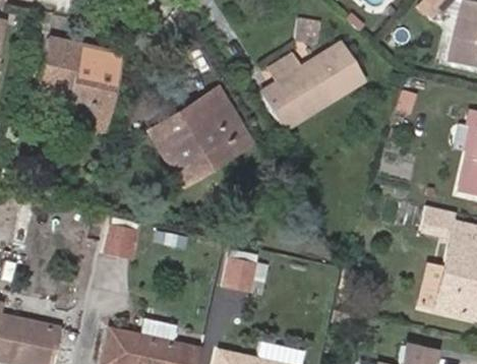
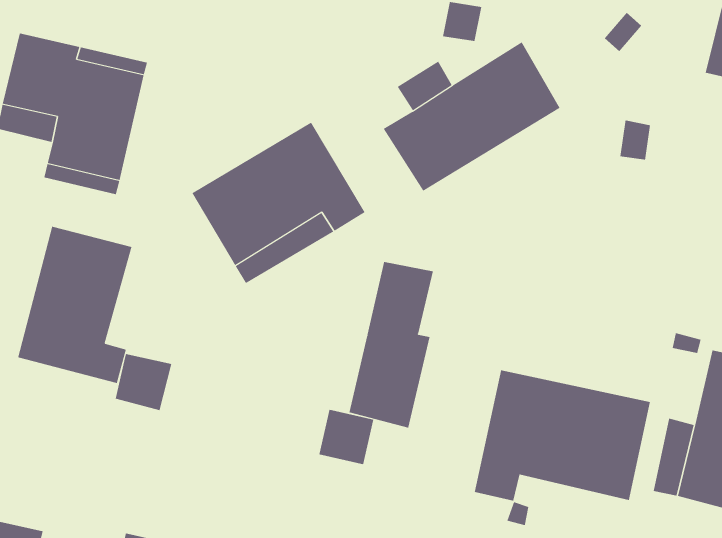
building: none -> [18,226,132,384]
building: none -> [349,261,433,429]
building: none -> [474,369,650,502]

